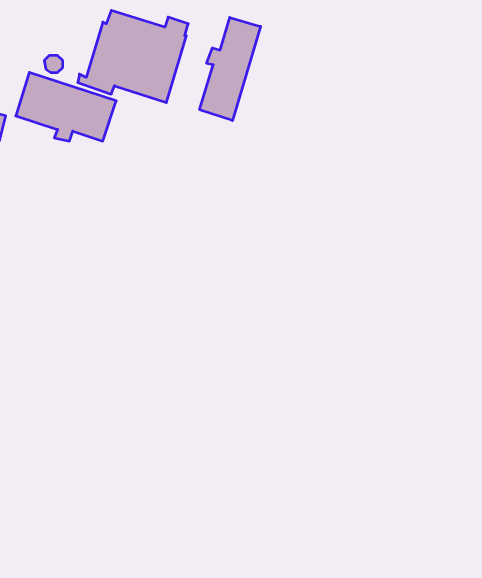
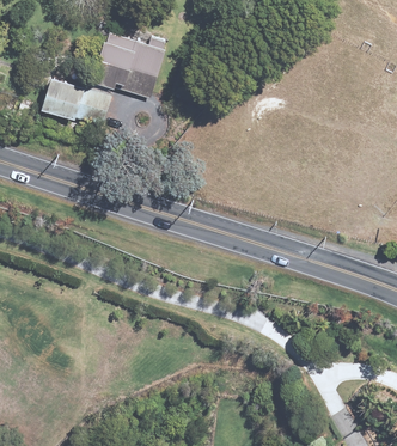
building: [200,17,261,121] -> none

